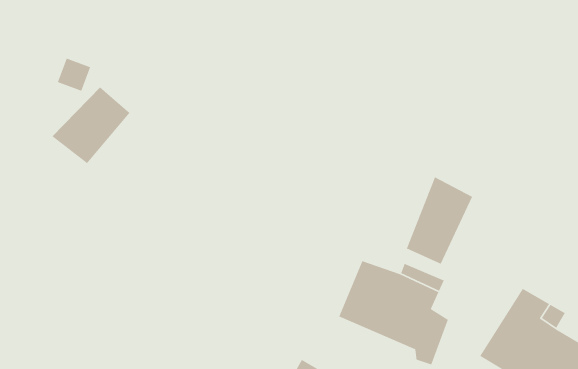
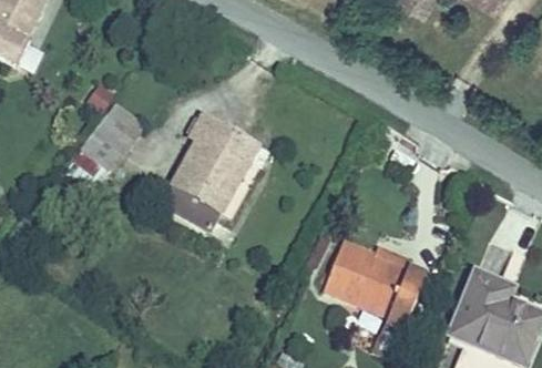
building: none -> [170,114,262,224]
building: [406,176,473,265] -> none

